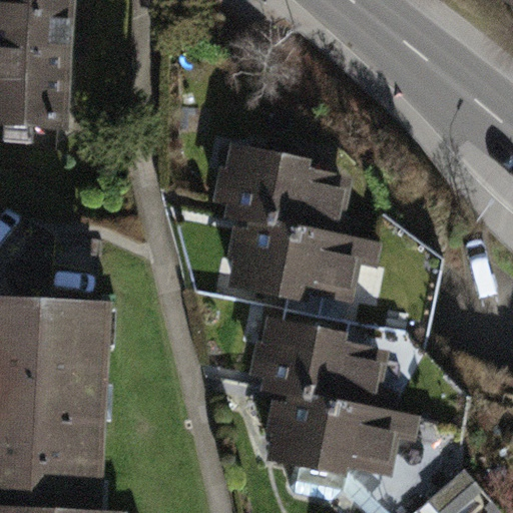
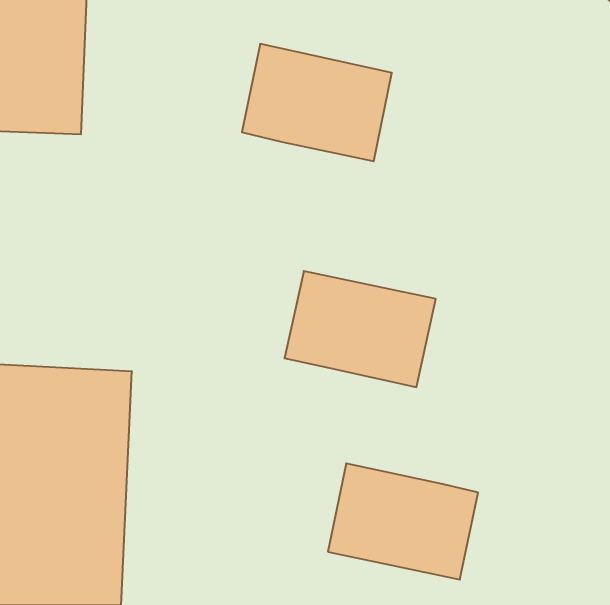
building: [218,143,343,240] -> [242,44,392,161]
building: [258,305,382,401] -> none

